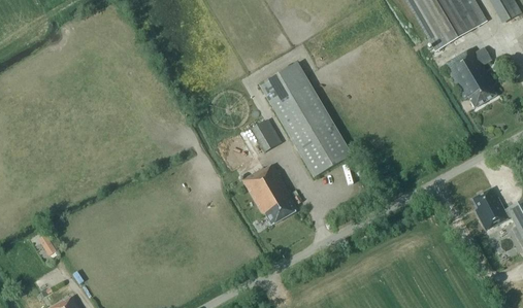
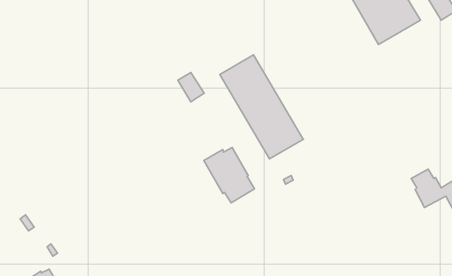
building: [445,47,496,107] -> none
building: [252,118,281,150] -> [178,73,204,102]

